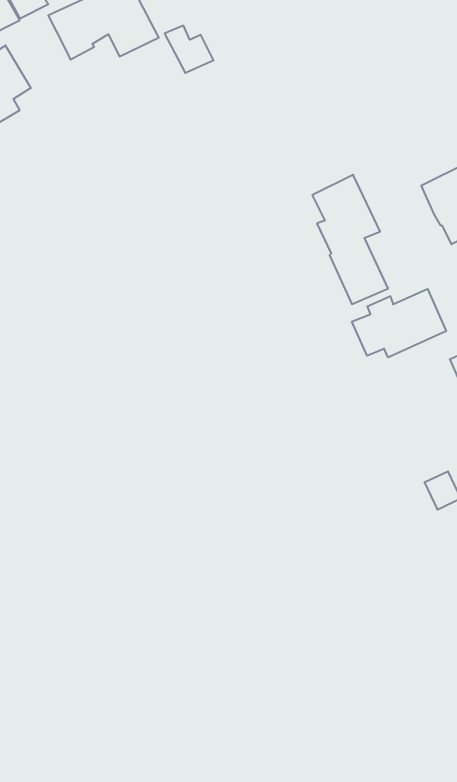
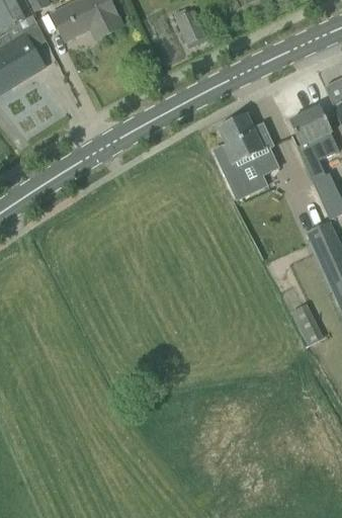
building: [165,26,214,73] -> [174,13,205,44]
building: [352,289,446,357] -> none

